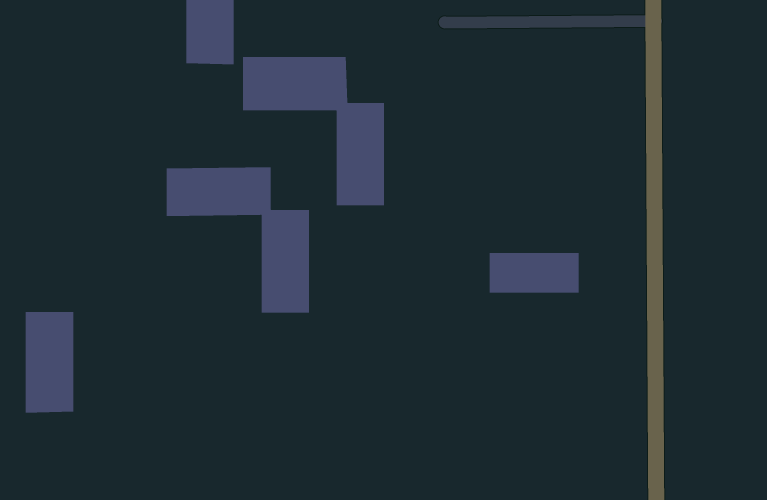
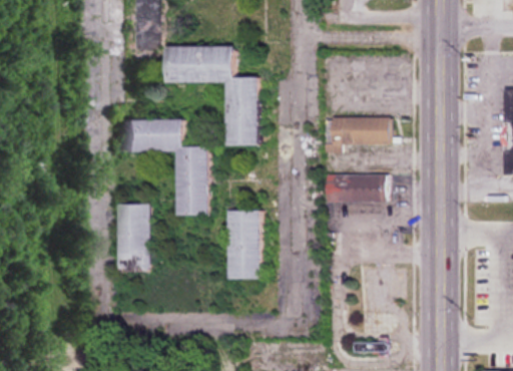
building: none -> [325,117,391,152]
building: none -> [227,211,261,279]
building: [25,311,74,414] -> [118,205,150,272]

